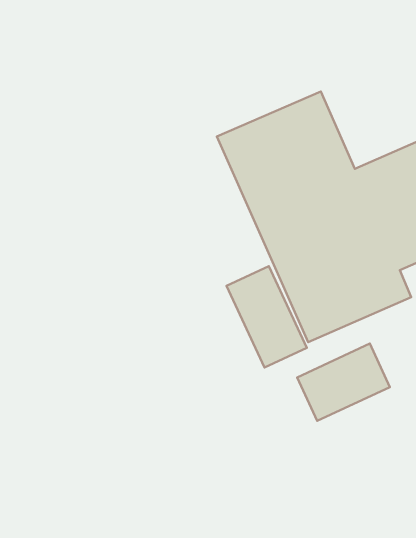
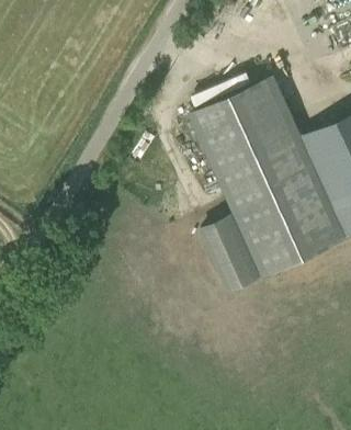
building: [297,344,390,421] -> none

